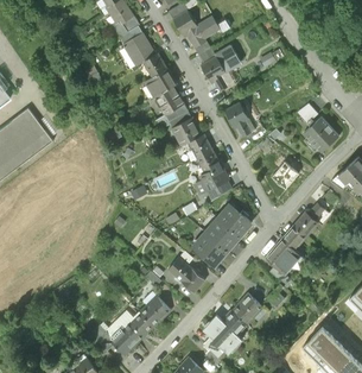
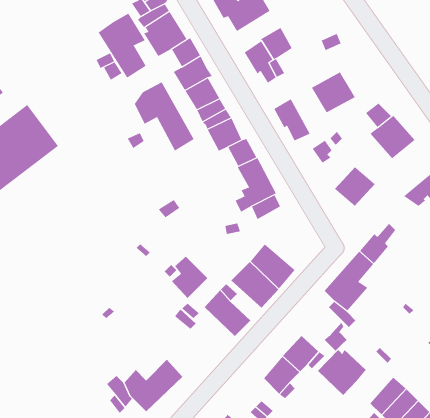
building: none -> [98,13,146,79]
building: none -> [311,72,356,113]
building: none -> [134,82,195,151]
building: [218,206,255,241] -> none
building: [140,292,170,327] -> [171,256,208,299]
building: none -> [317,349,367,396]

